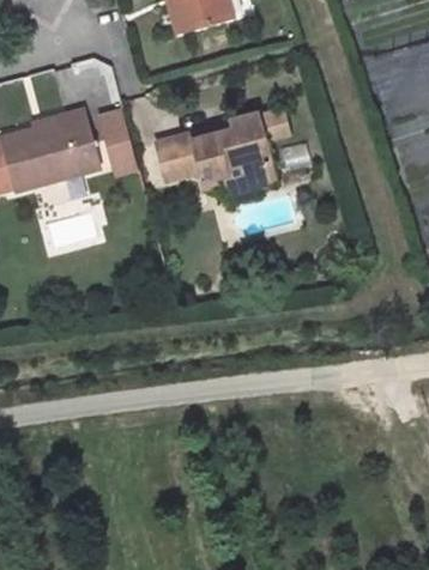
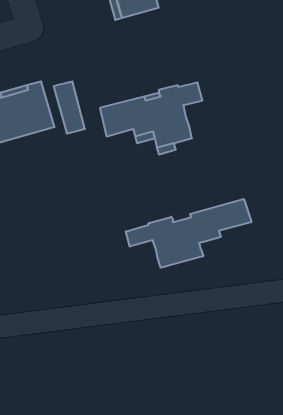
building: none -> [126,199,251,268]

